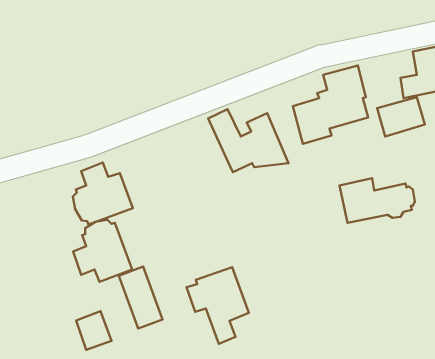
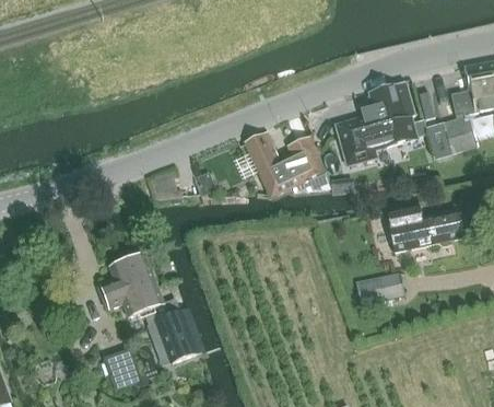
building: [73,162,133,224] -> none
building: none -> [354,272,403,302]
building: [186,267,249,344] -> none

